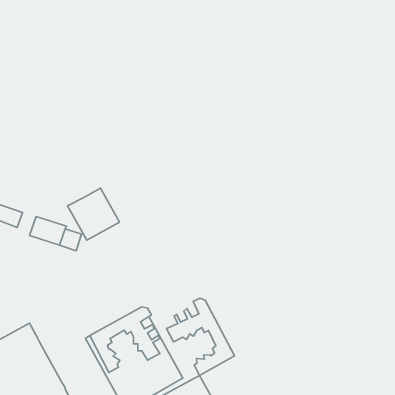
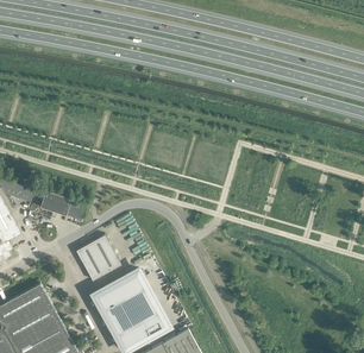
building: [67,188,120,240] -> [76,235,121,280]
building: [167,298,234,375] -> none

